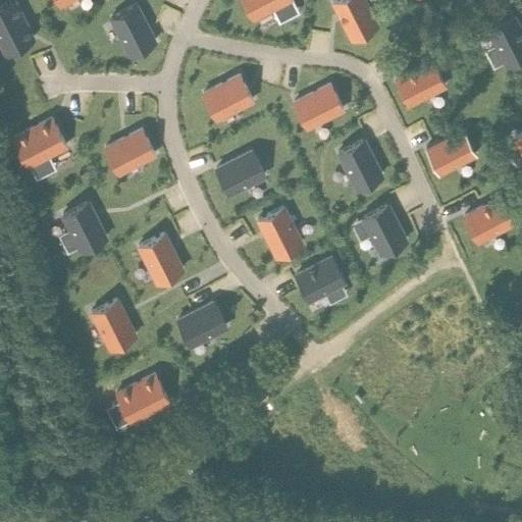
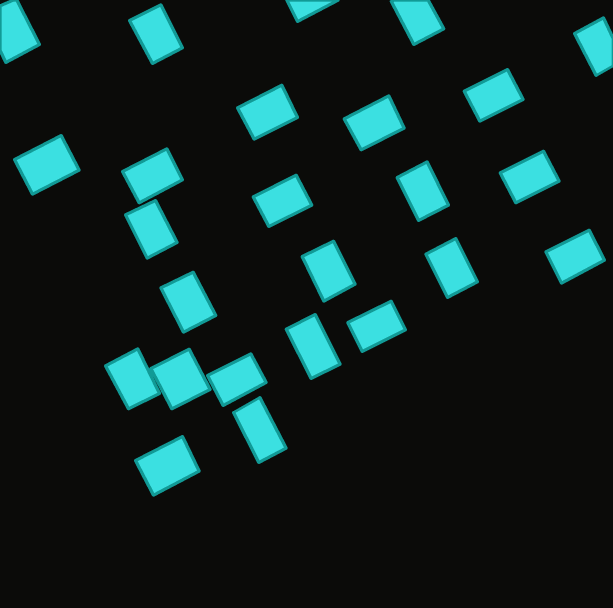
building: [62,205,106,254] -> [126,201,177,258]
building: none -> [286,315,340,379]
building: none -> [151,349,210,409]
building: none -> [233,398,286,462]

